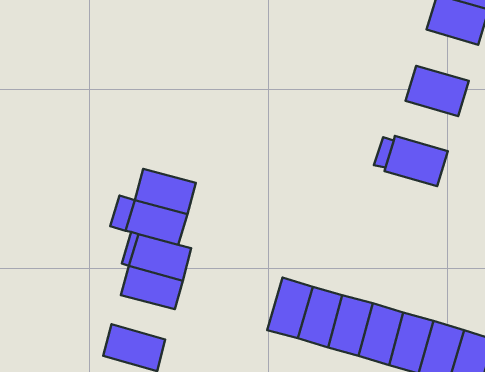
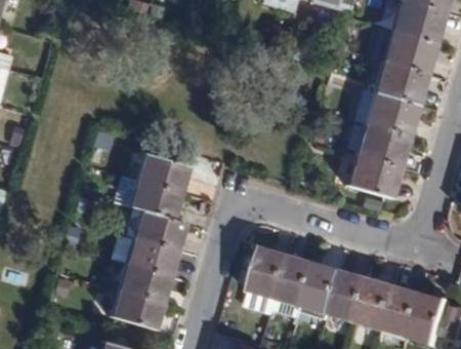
building: none -> [382,31,436,76]
building: none -> [364,93,419,138]
building: none -> [345,155,401,200]
building: none -> [116,264,171,303]

